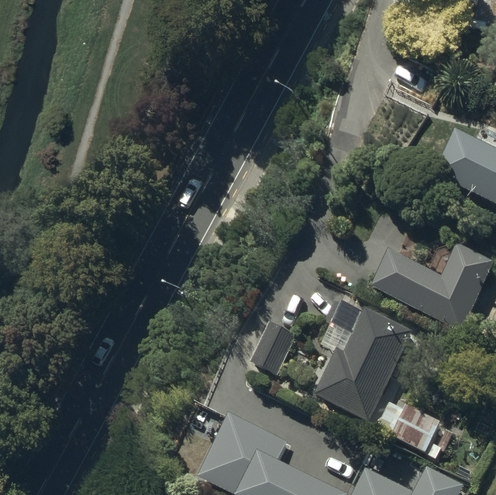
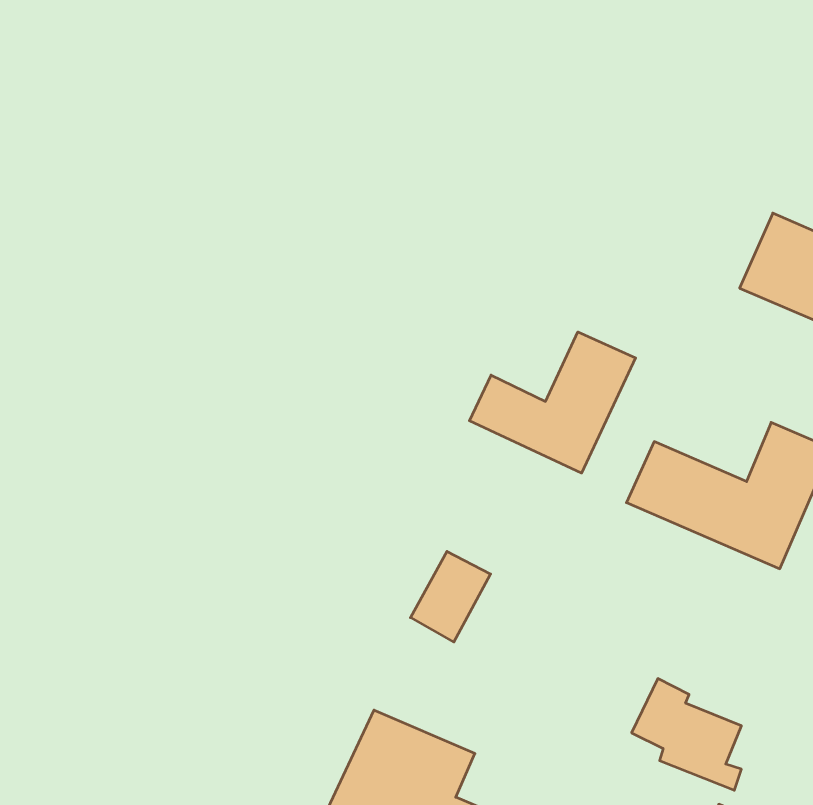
building: none -> [469,332,636,473]
building: [316,301,411,422] -> none

